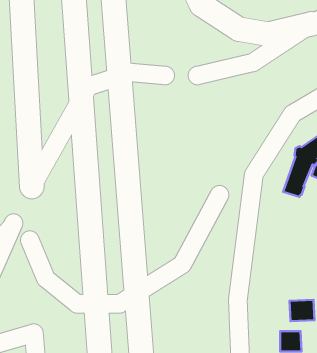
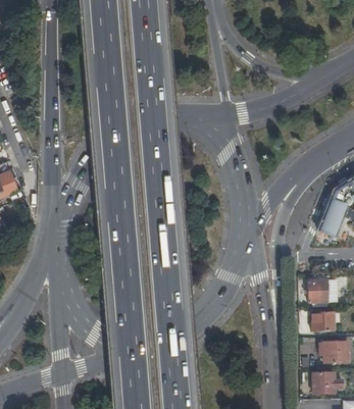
building: none -> [307,279,327,303]
building: none -> [311,312,333,331]

